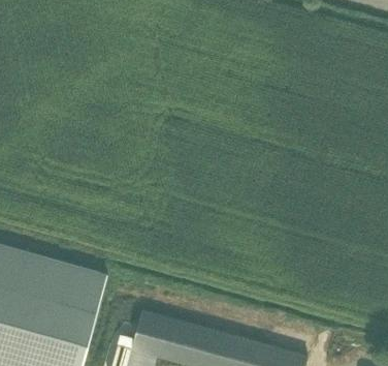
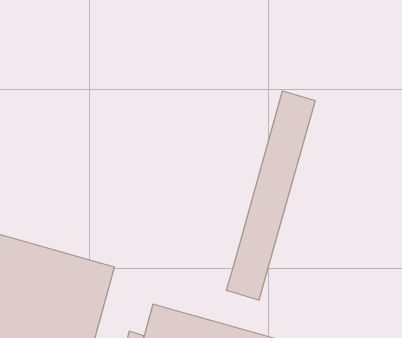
building: none -> [226,91,315,300]

